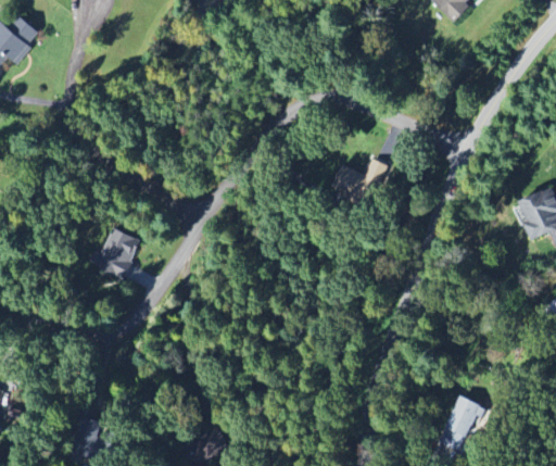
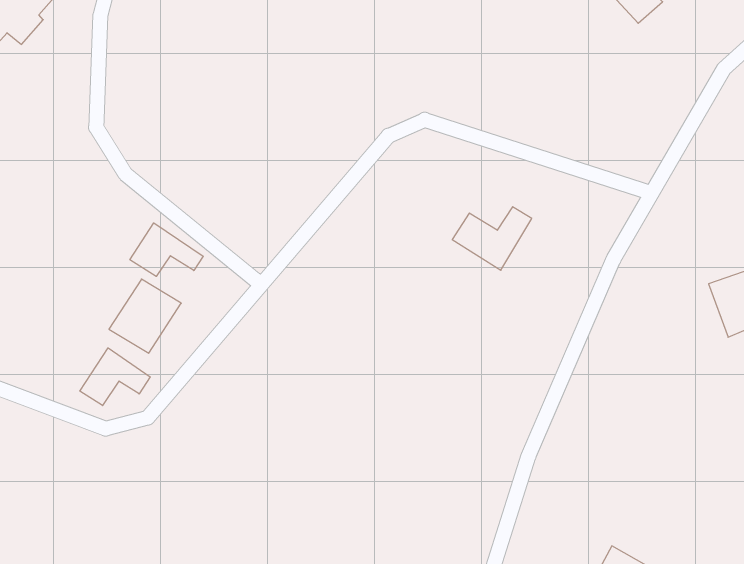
building: none -> [130,223,203,276]
building: none -> [80,348,150,406]

